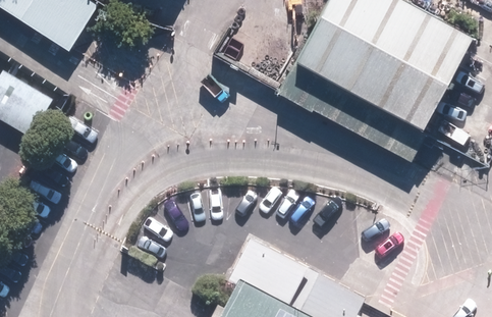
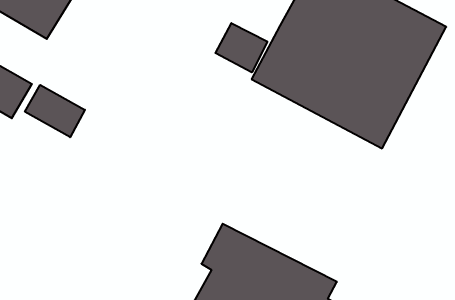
building: none -> [215,23,267,72]
building: none -> [25,85,85,137]

